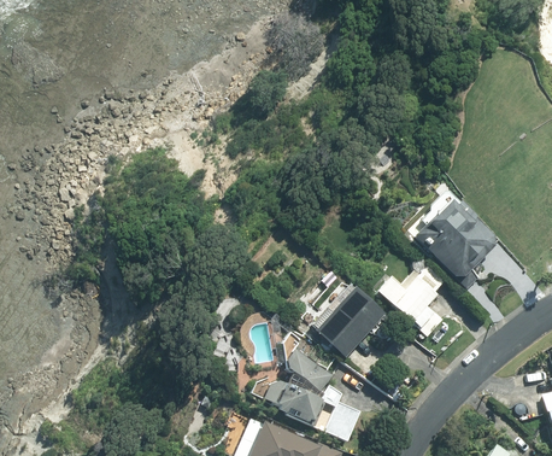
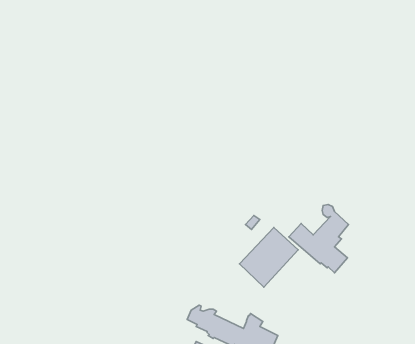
building: [413,200,493,286] -> none
building: [284,337,333,397] -> none

